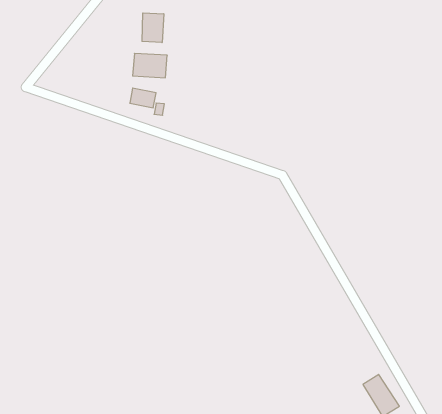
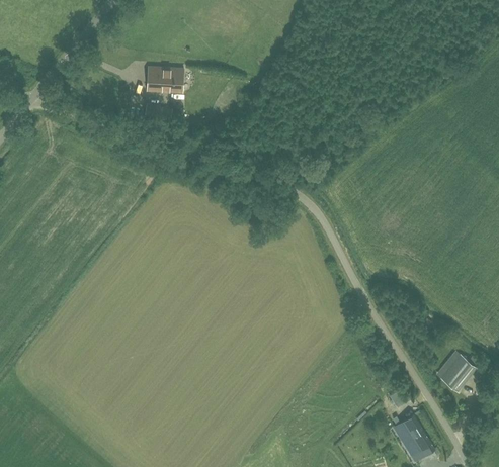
building: [142,13,164,43] -> none
building: none -> [437,355,474,392]

